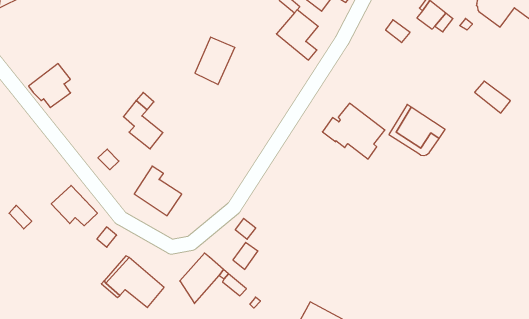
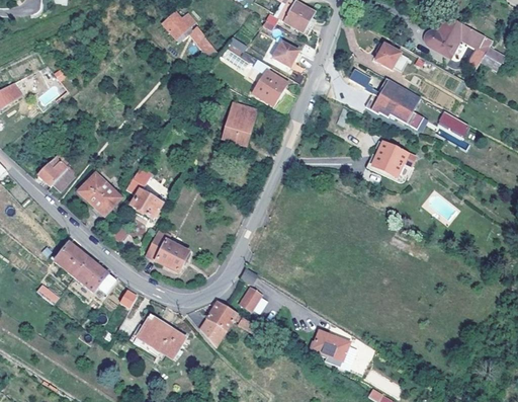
building: [195,37,235,85] -> [224,104,256,146]
building: none -> [78,173,121,216]
building: [322,103,385,159] -> [366,77,422,125]
building: none -> [54,242,89,277]

